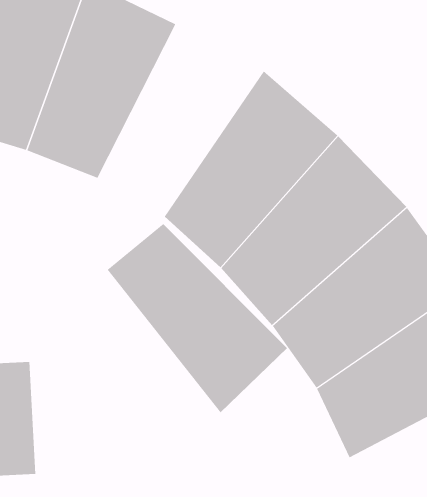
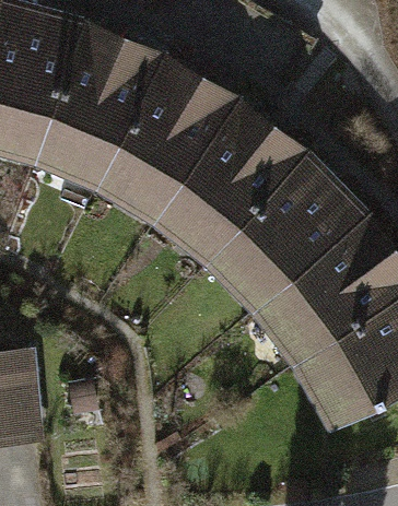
building: none -> [97,49,245,221]
building: [107,223,288,413] -> none

